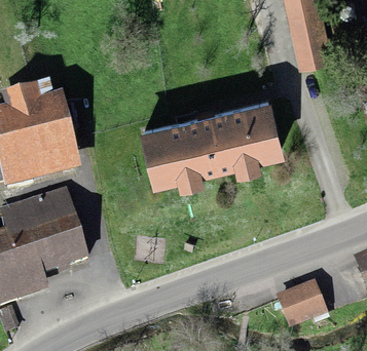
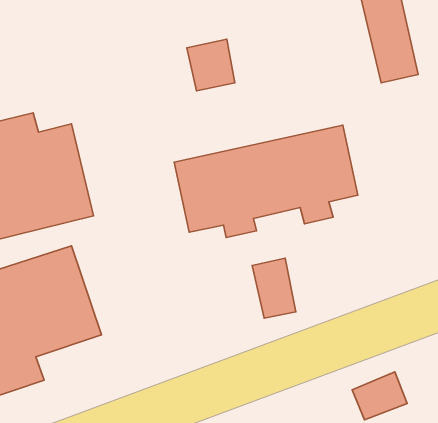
building: none -> [187,39,235,91]
building: none -> [252,258,296,318]

